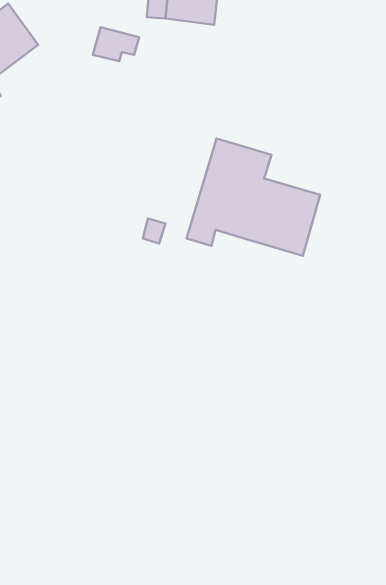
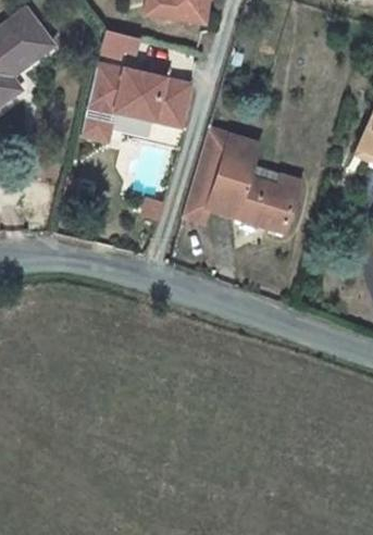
building: none -> [79,63,190,140]

